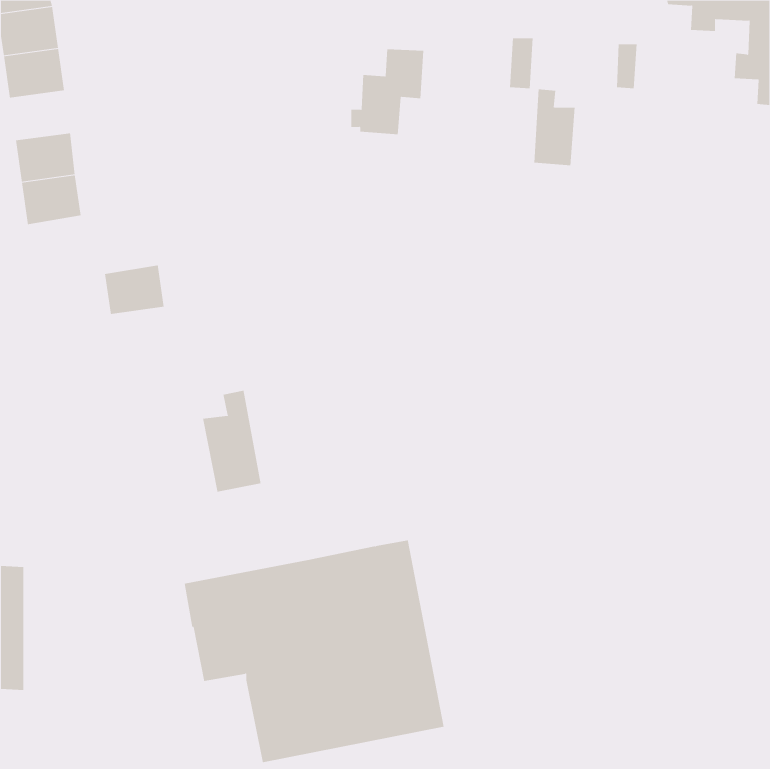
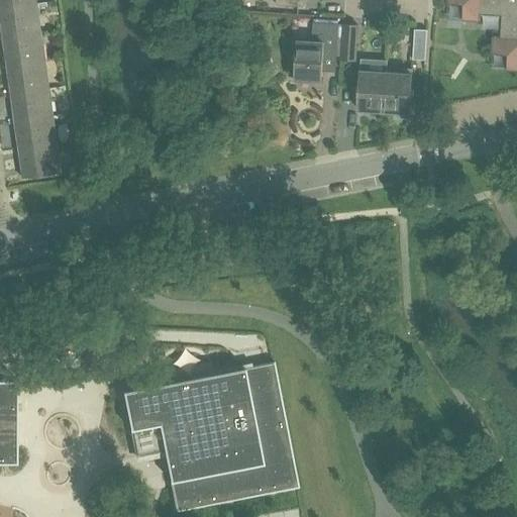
building: [350,49,424,135] -> [289,24,338,82]
building: none -> [6,62,47,95]
building: none -> [383,69,413,118]
building: [104,265,165,315] -> [18,145,59,179]
building: [202,390,261,493] -> none

